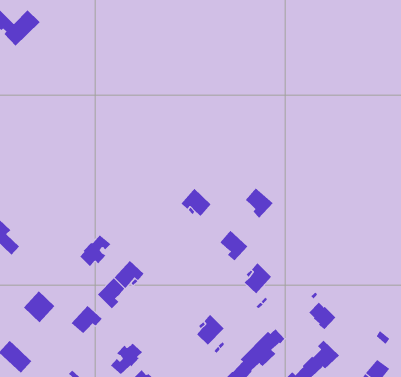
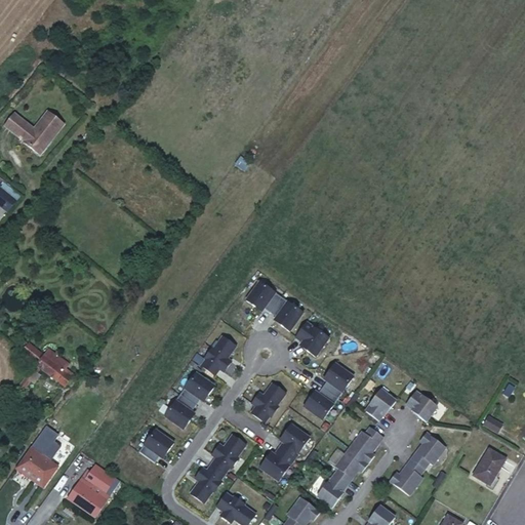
building: [245,187,274,219] -> [271,297,304,332]
building: [79,234,111,267] -> [202,336,236,374]
building: none -> [251,385,286,423]
building: none -> [309,380,344,413]
building: [23,290,55,323] -> [78,459,114,496]
building: none -> [365,390,396,421]
building: none -> [211,435,246,473]
building: none -> [262,445,296,478]

